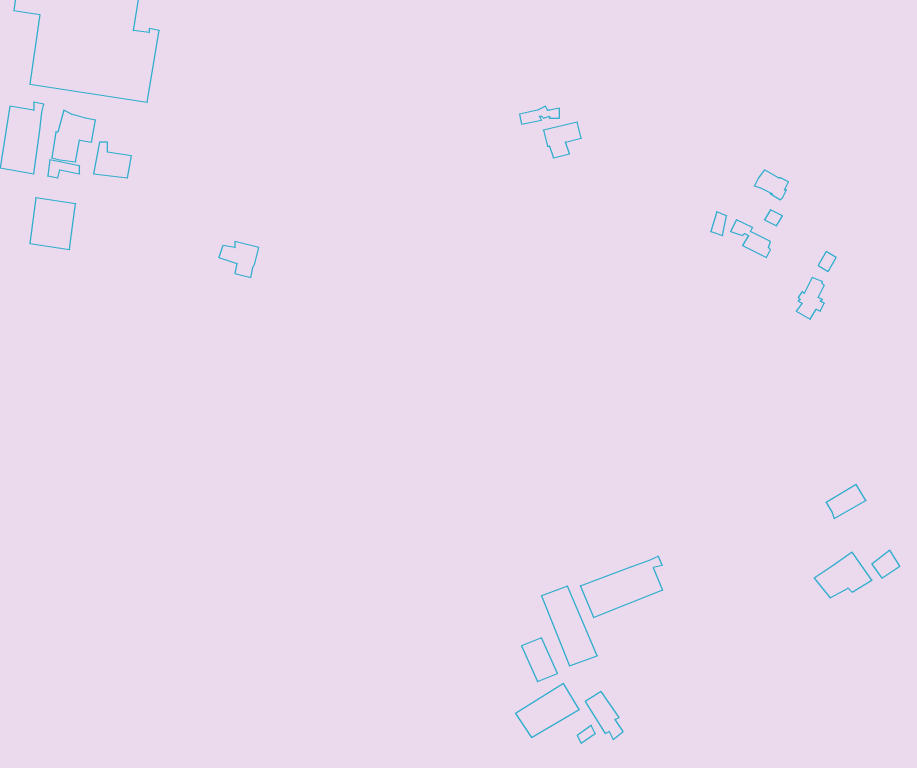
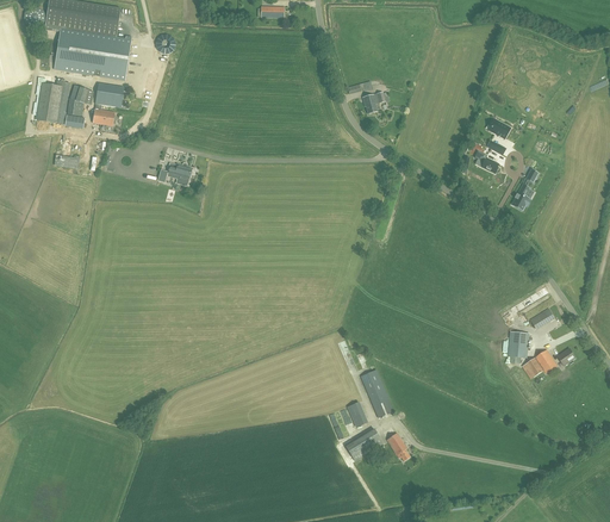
building: none -> [95,82,123,107]
building: none -> [506,331,529,363]
building: [580,556,662,618] -> none

